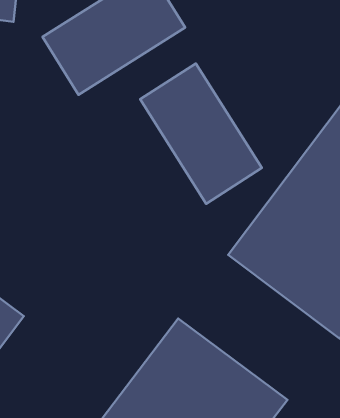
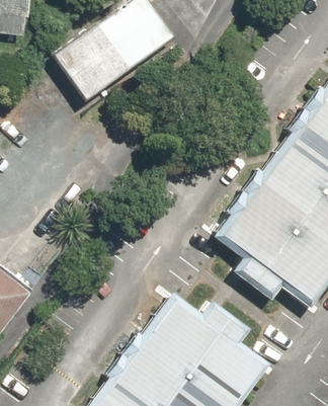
building: [140,64,262,204] -> none

